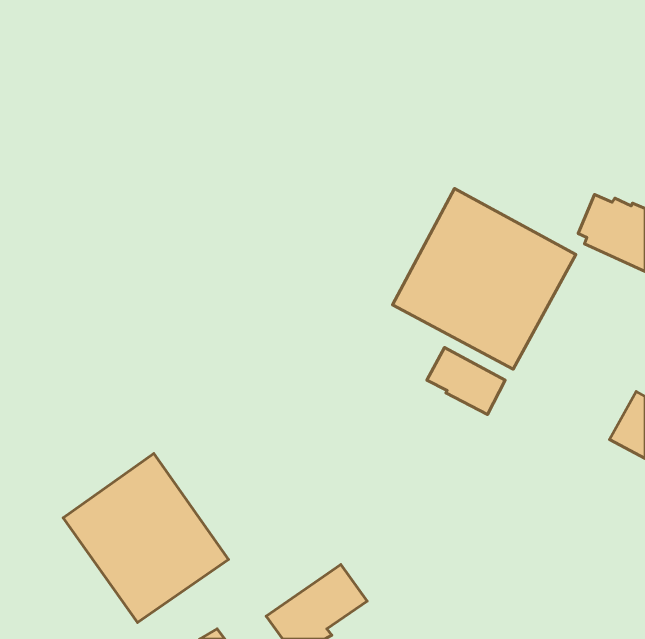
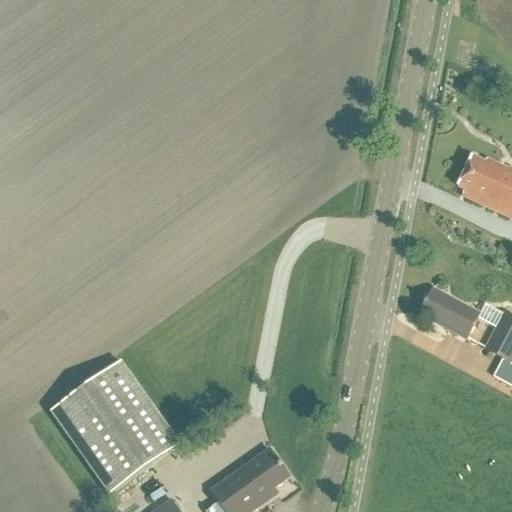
building: [392,189,576,369] -> none
building: [427,347,505,414] -> [420,285,482,338]

